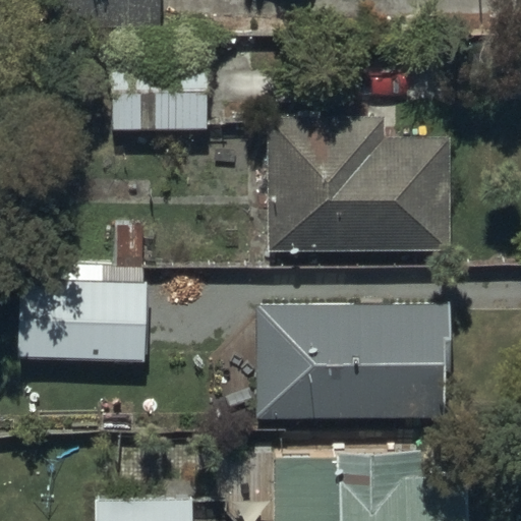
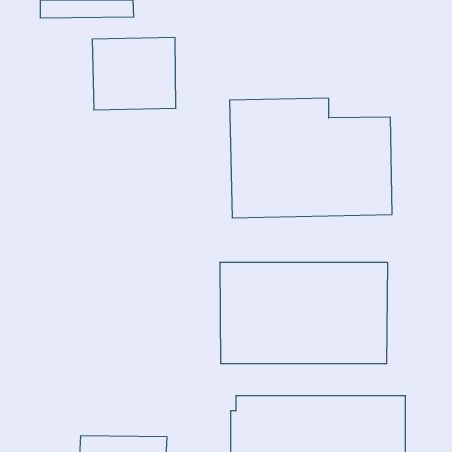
building: [17,265,148,361] -> none

